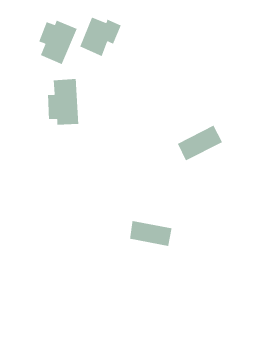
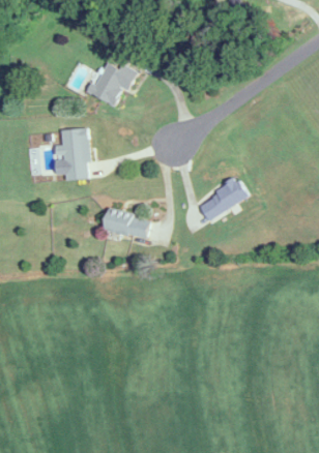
building: [38,20,78,65] -> none
building: [129,220,173,247] -> [102,209,149,238]

